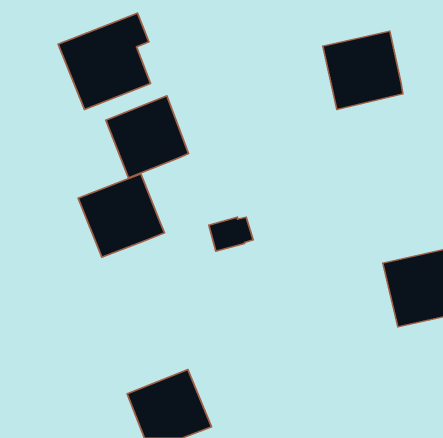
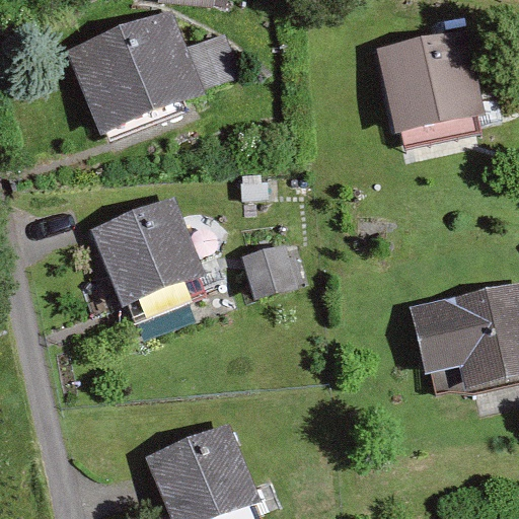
building: [106,96,189,178] -> none

